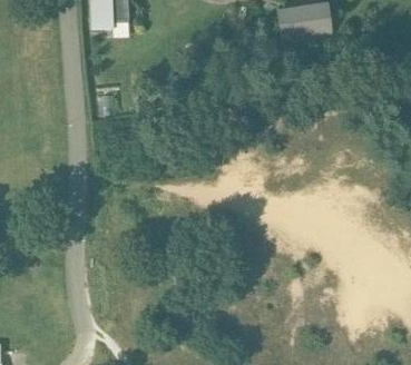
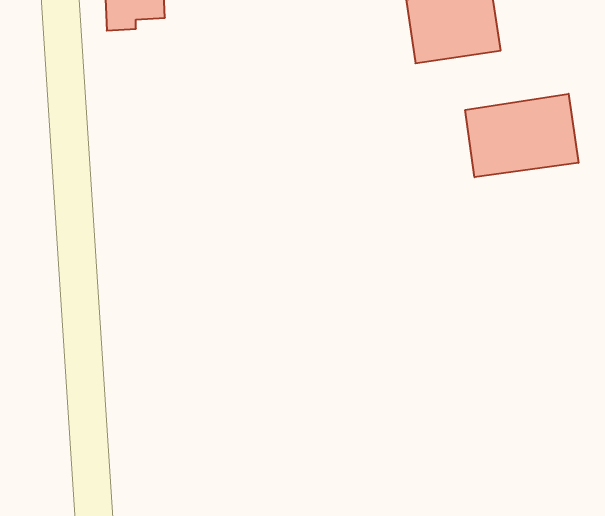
building: none -> [465,94,578,177]

